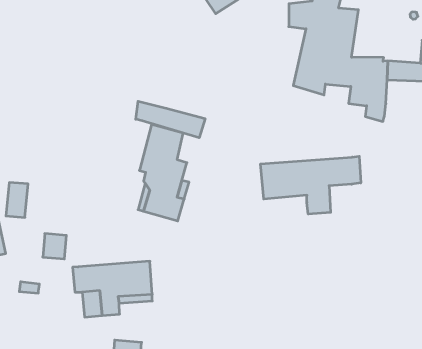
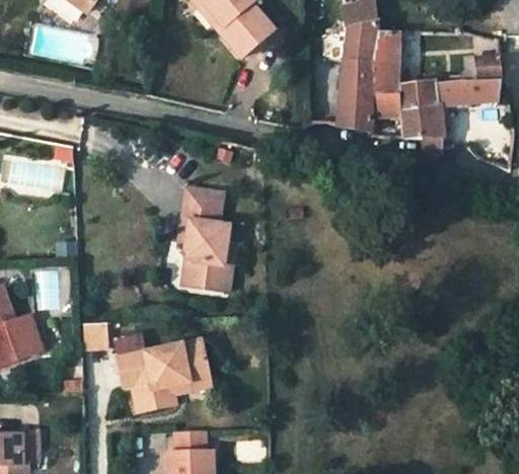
building: [136,101,205,138] -> none
building: [261,156,361,214] -> none

